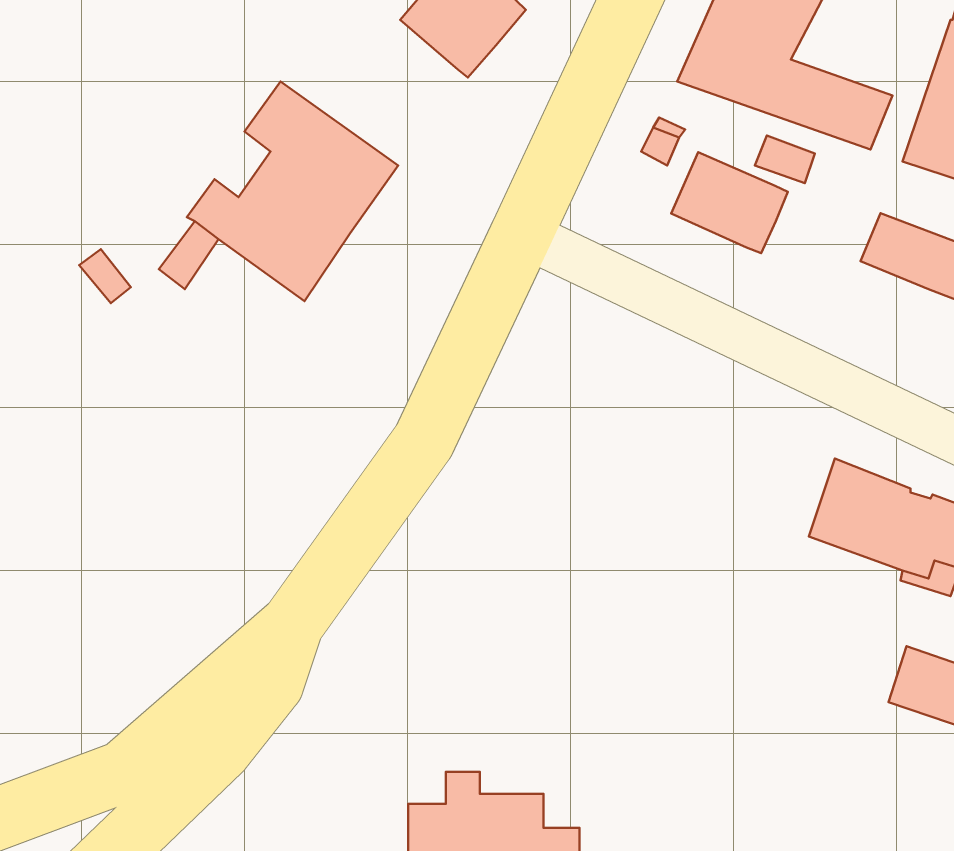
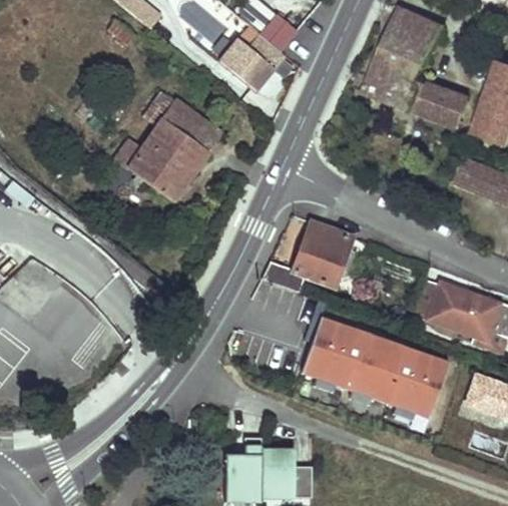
building: [671,152,788,253] -> none
building: none -> [261,221,351,292]
building: none -> [301,317,451,415]

